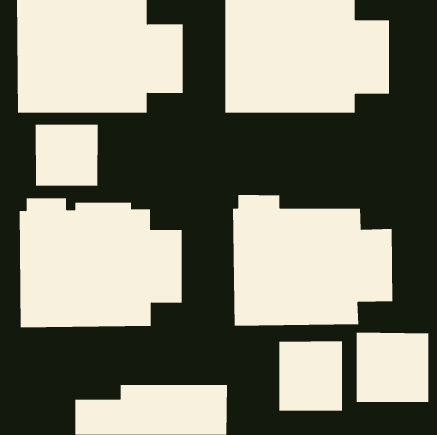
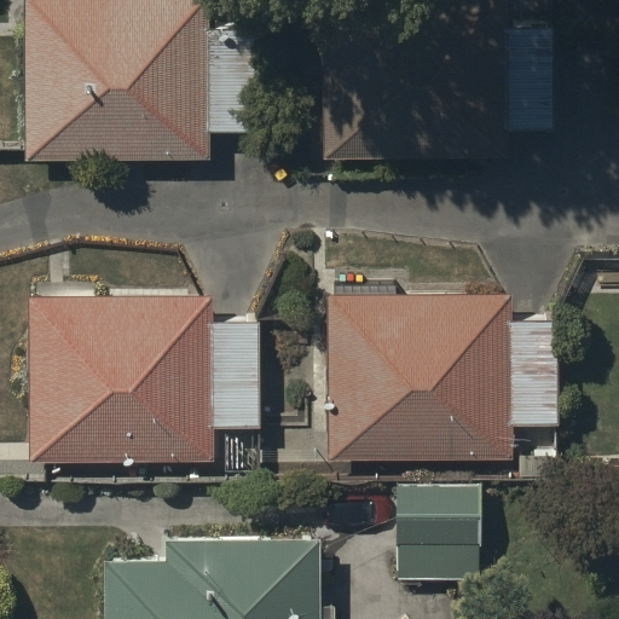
building: [35,124,98,187] -> none
building: [356,332,429,403] -> none

